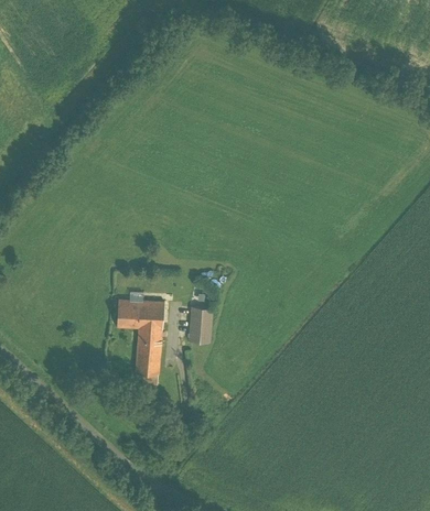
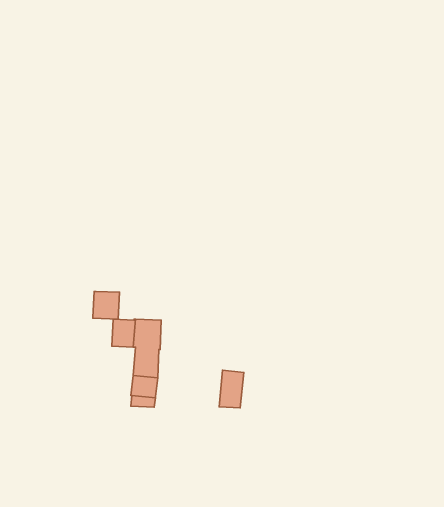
building: none -> [93,291,120,319]
building: [189,307,212,343] -> [219,370,244,408]

